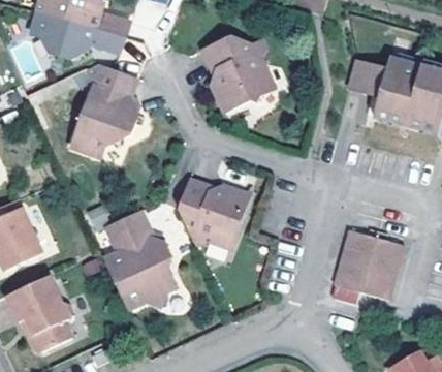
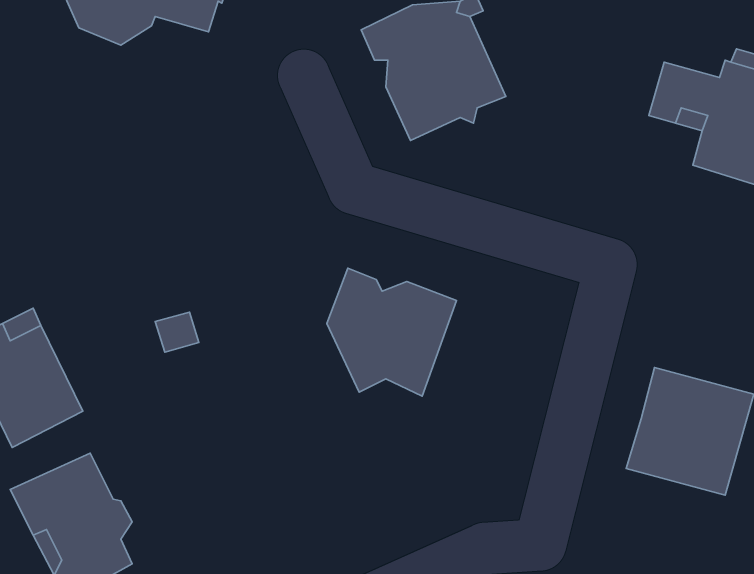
building: [67,59,134,153] -> none
building: [107,212,179,308] -> none

